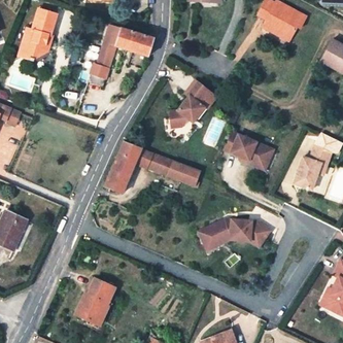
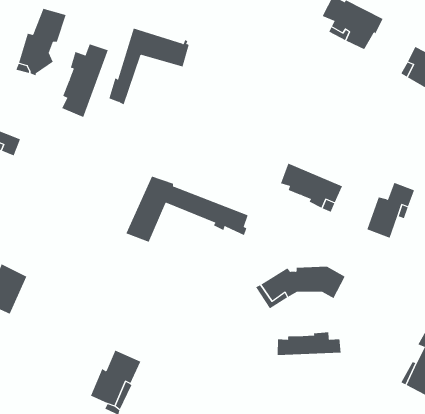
building: none -> [61,43,109,118]
building: [169,82,213,129] -> none
building: none -> [277,331,341,356]

